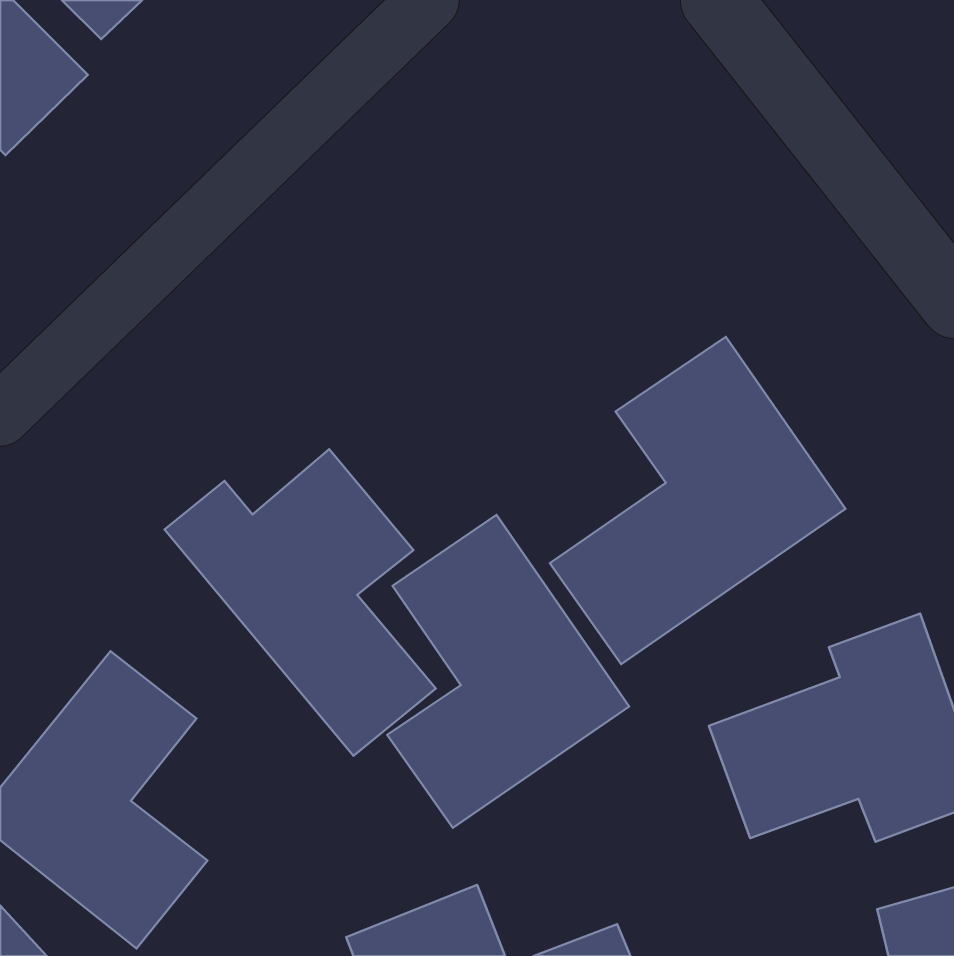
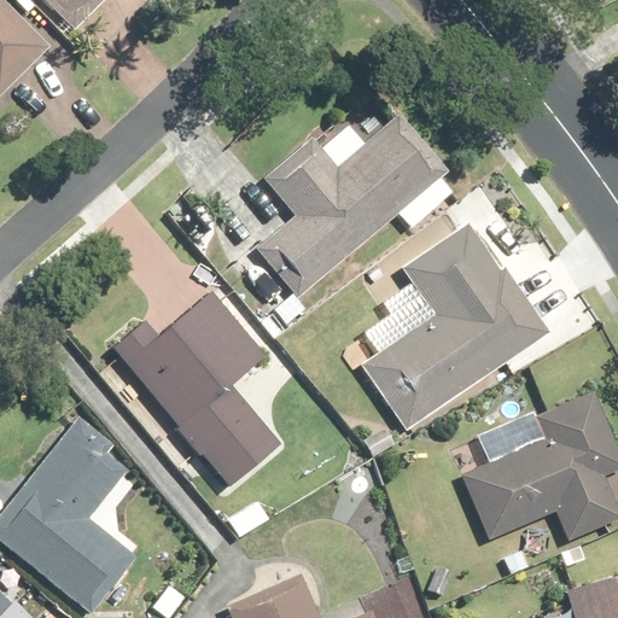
building: none -> [258,118,457,293]
building: [387,515,629,828] -> none

